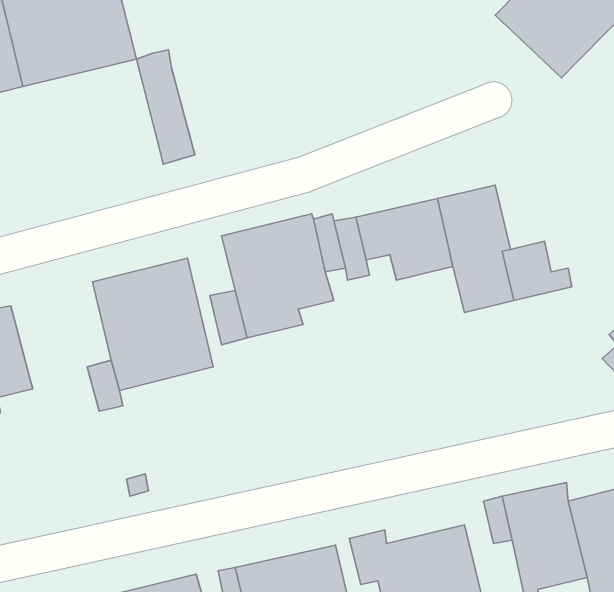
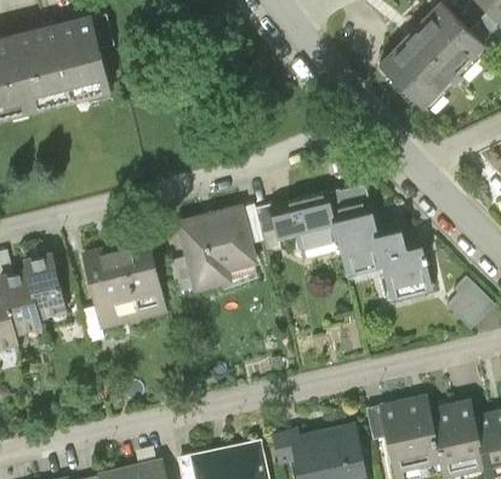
building: [137,50,195,164] -> none
building: none -> [25,252,67,320]
building: none -> [386,256,435,300]

